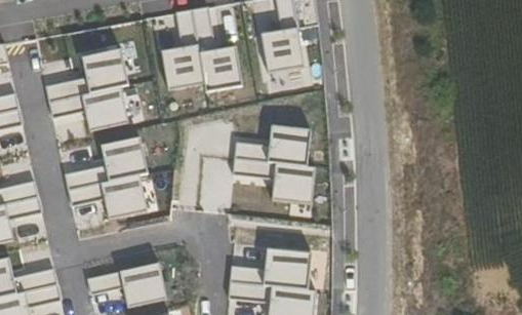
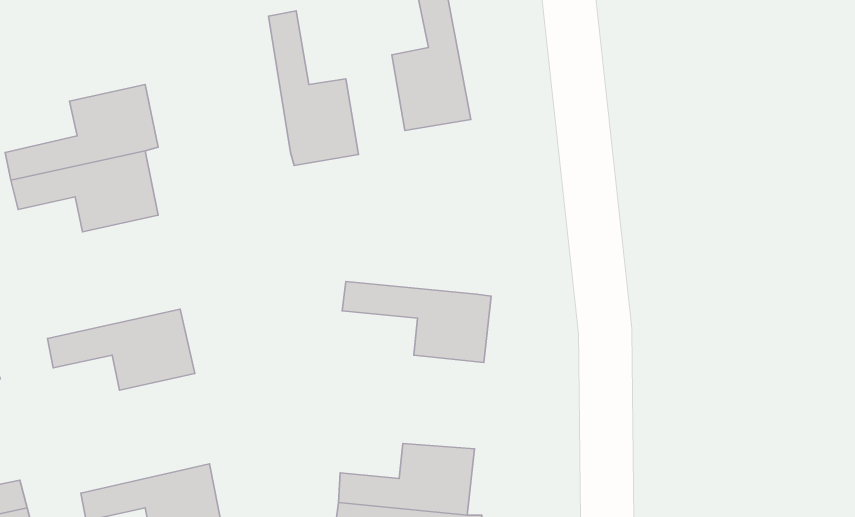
building: [160,10,203,92] -> none
building: [234,125,310,165] -> none
building: [64,135,150,190] -> none

